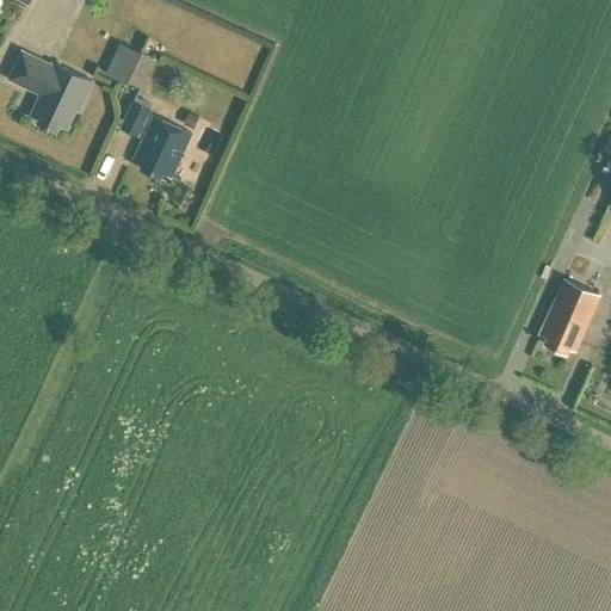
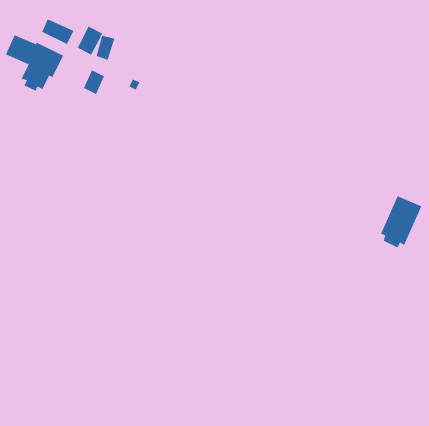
building: none -> [41,18,74,45]
building: [130,119,189,181] -> none

